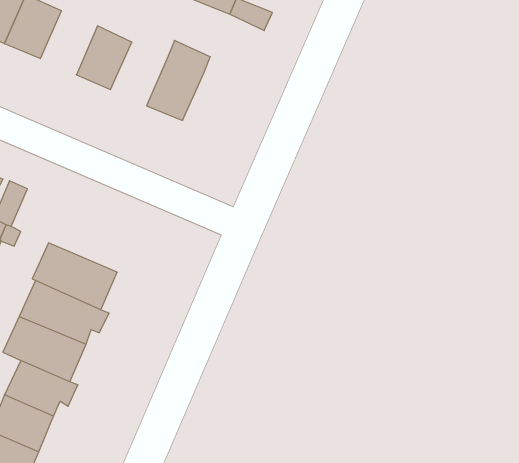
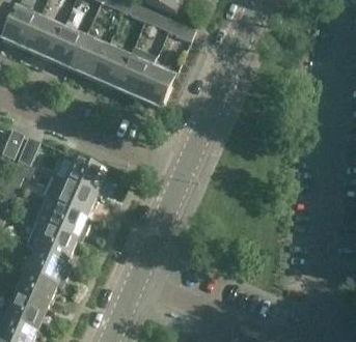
building: none -> [48,27,84,67]
building: none -> [92,47,129,87]
building: none -> [138,66,174,107]
building: none -> [65,153,107,193]

